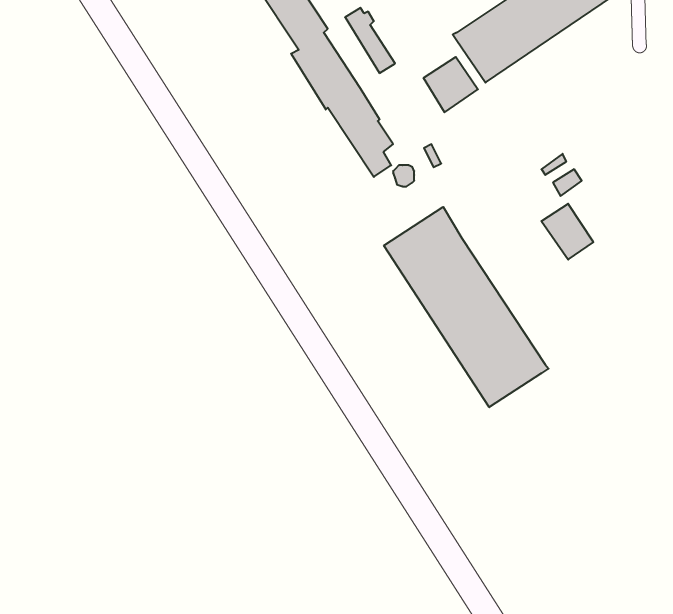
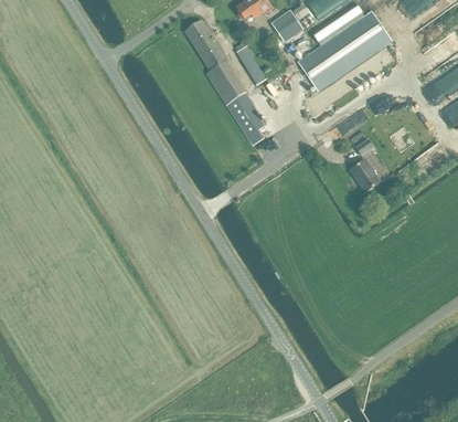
building: [424,57,478,112] -> none
building: [384,207,549,407] -> none

